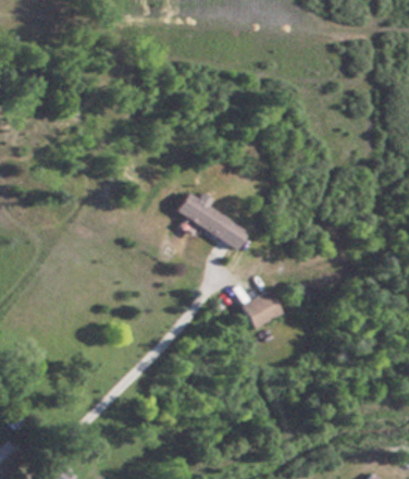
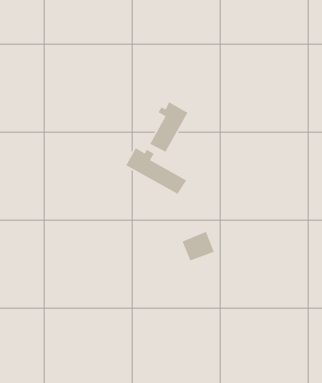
building: none -> [149,101,189,153]

